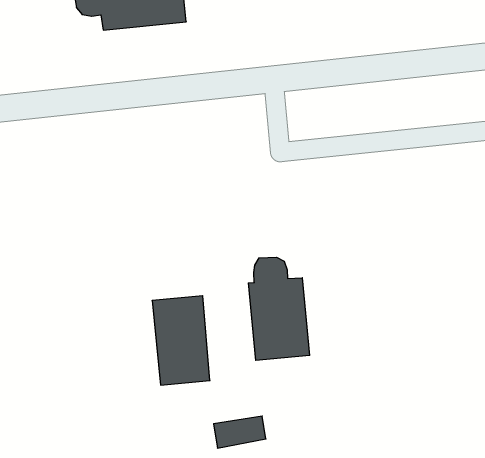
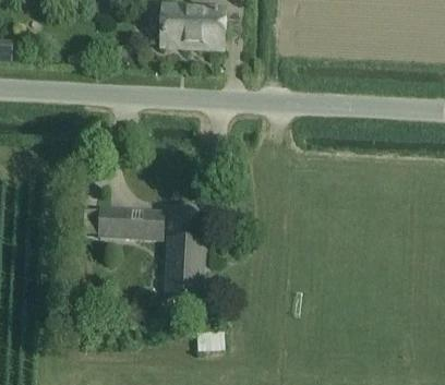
building: [248,257,310,360] -> none
building: none -> [83,207,165,238]

